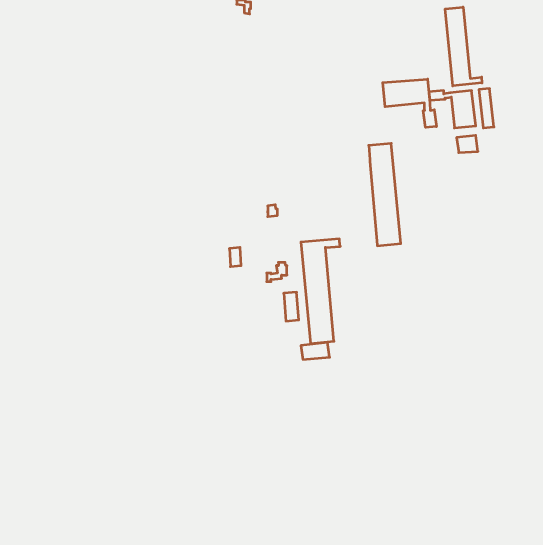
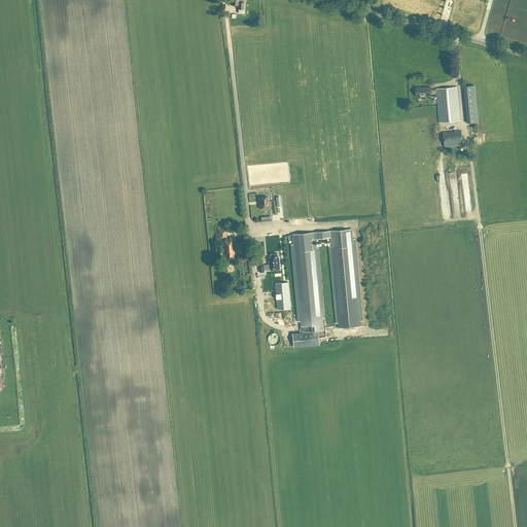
building: [445,7,482,86] -> none
building: [383,79,436,127] -> none
building: [369,143,401,246] -> [328,229,359,327]

